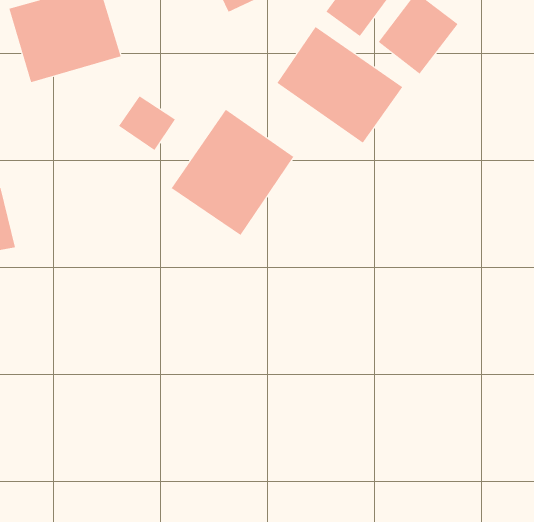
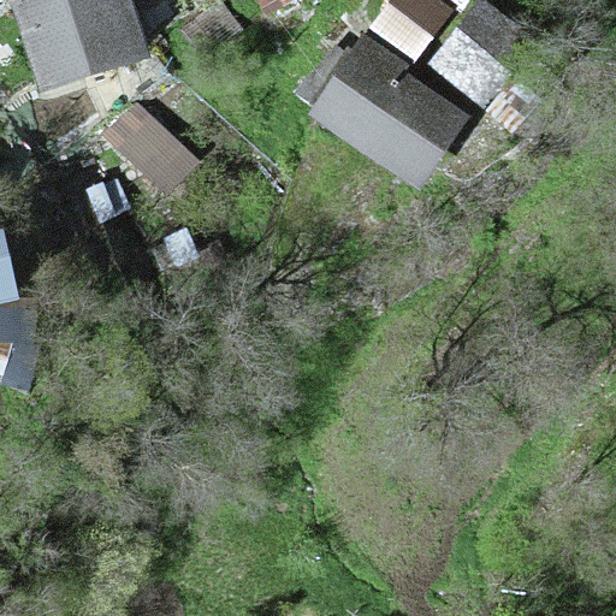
building: [171,109,294,236] -> none

